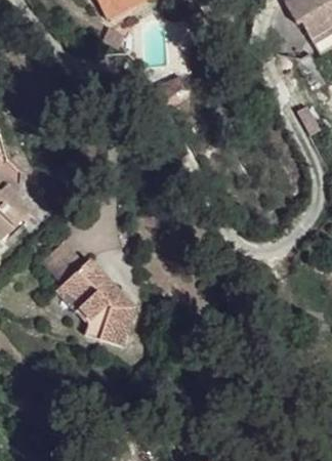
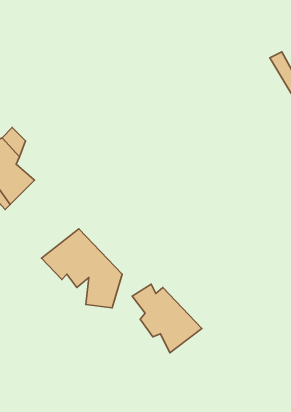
building: none -> [132,284,202,353]

